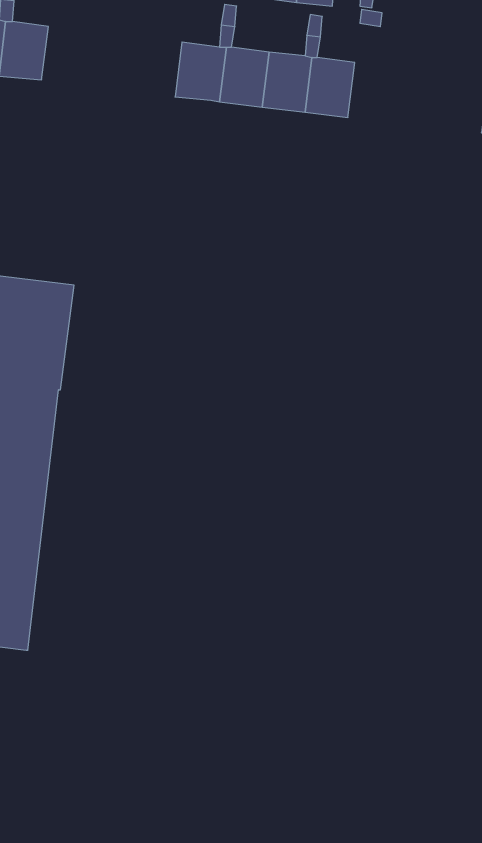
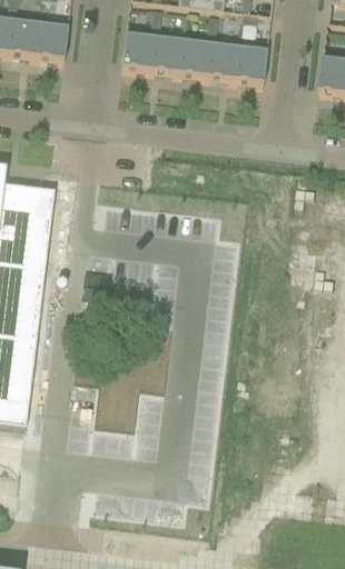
building: none -> [36,18,69,57]
building: none -> [235,41,268,80]

